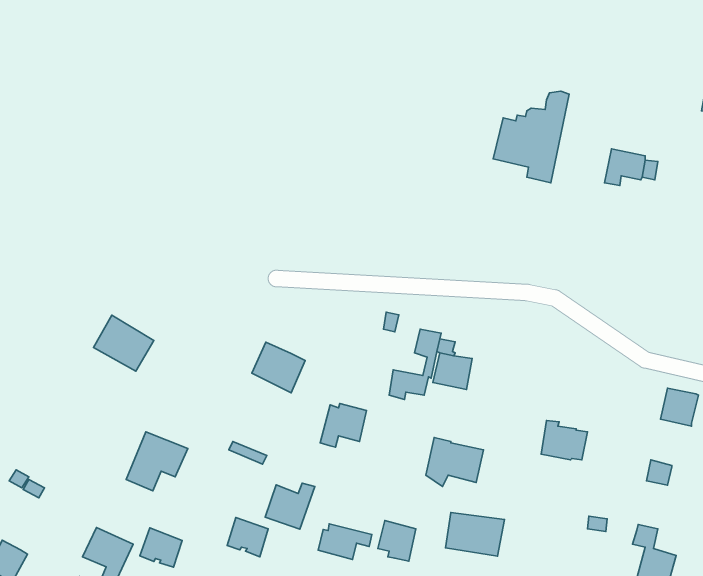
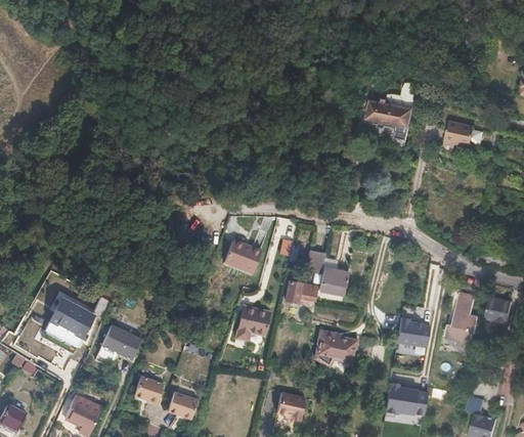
building: [93,315,154,371] -> [48,298,92,339]
building: [252,342,305,393] -> [224,237,263,274]
building: none -> [444,291,477,344]
building: [265,483,315,529] -> none
building: [445,513,504,556] -> [384,384,427,416]
building: [318,524,372,559] -> none
building: [140,528,182,567] -> [134,372,165,400]

